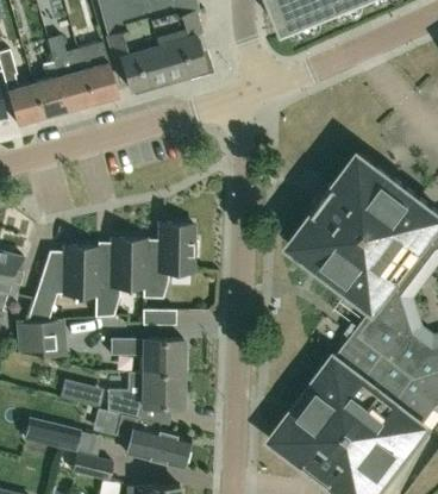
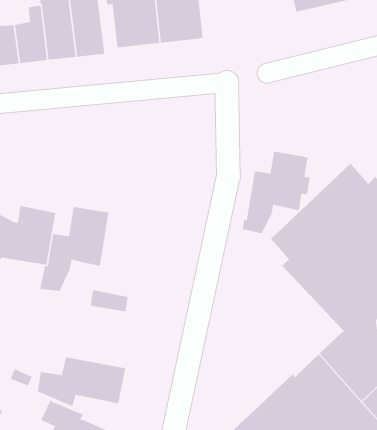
building: [143,224,196,300] -> [242,151,310,234]
building: [110,339,183,376] -> none

